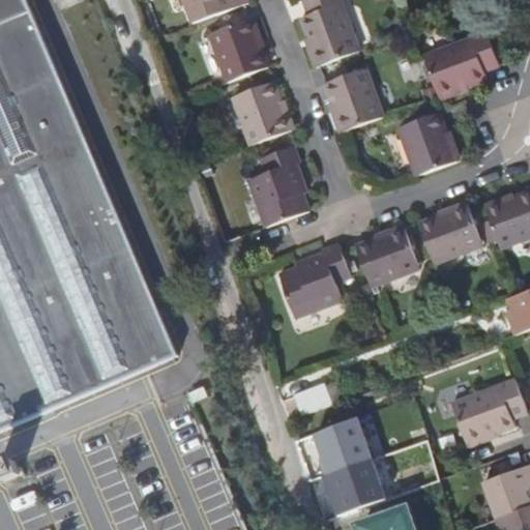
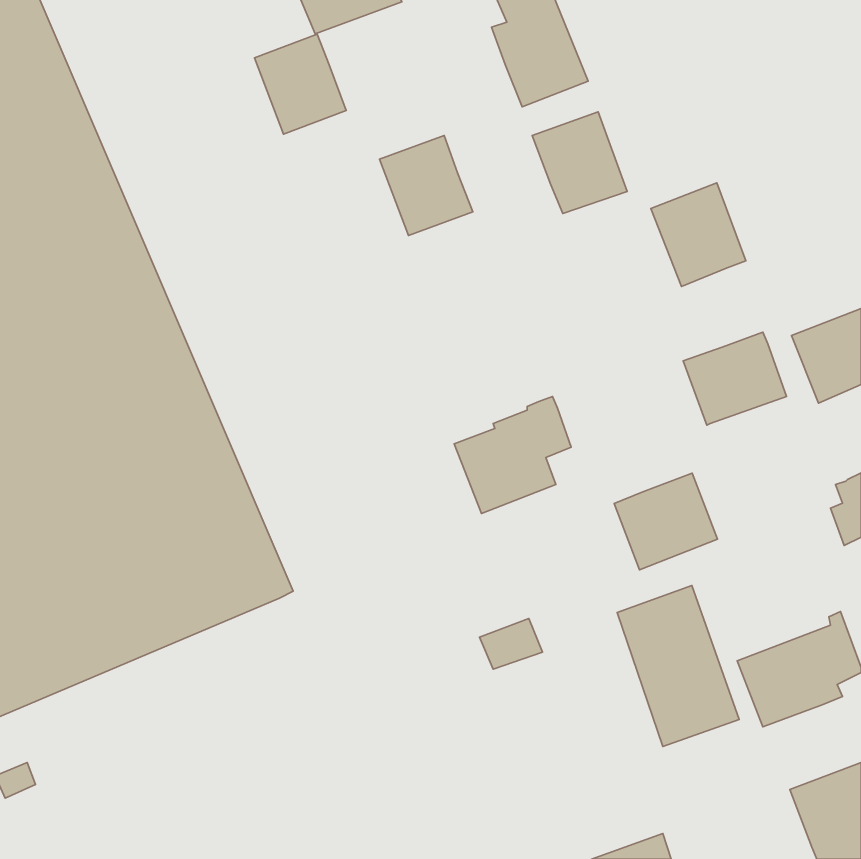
building: [208,20,264,81] -> [255,34,346,134]
building: [423,30,499,94] -> none
building: [246,144,305,225] -> none
building: [354,226,417,285] -> [614,473,718,570]
building: [314,412,388,510] -> [617,586,739,746]

